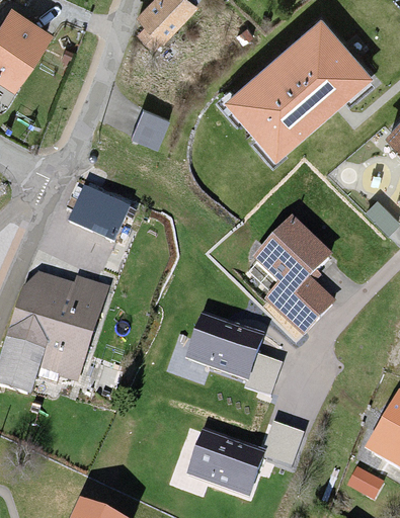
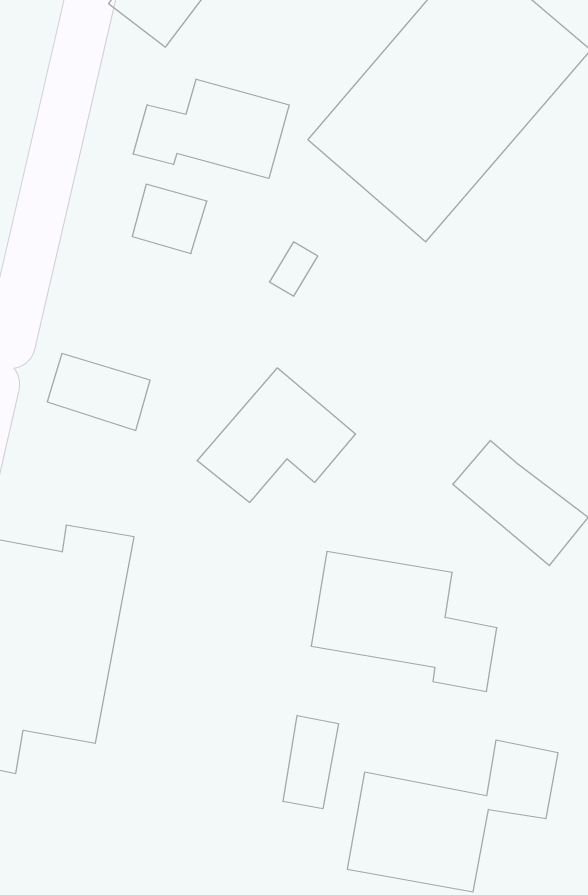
building: none -> [133,79,289,178]
building: [247,222,329,287] -> [197,368,356,502]
building: none -> [283,715,338,809]

